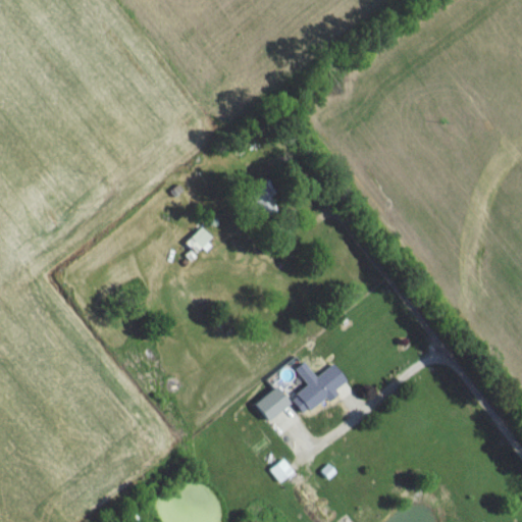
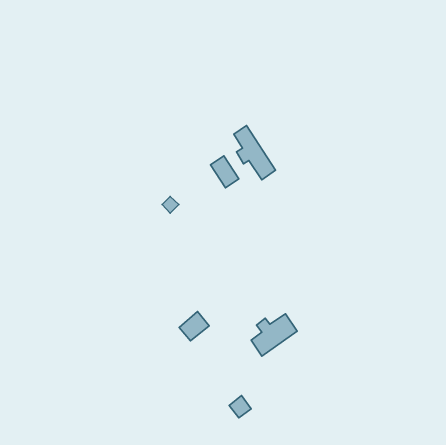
building: none -> [234,126,276,180]
building: [255,386,290,420] -> [179,312,209,341]

